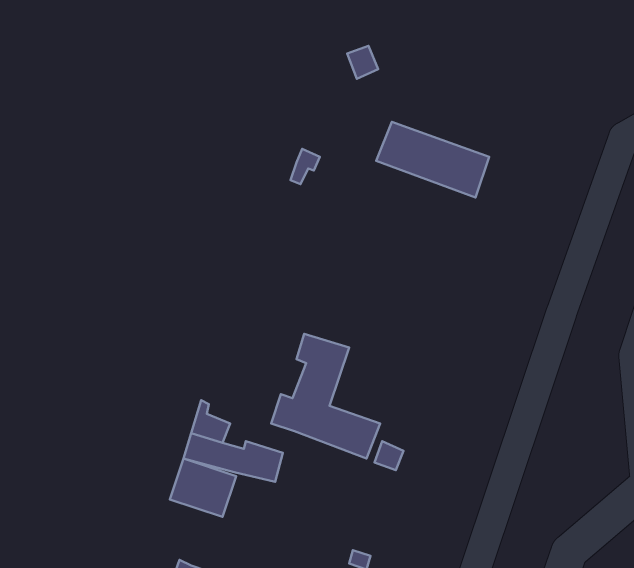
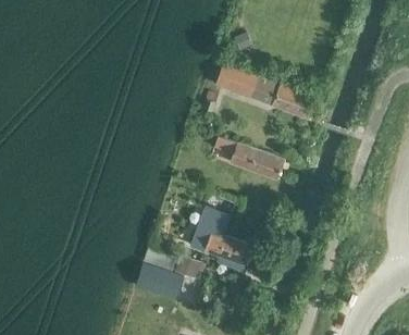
building: none -> [215,64,259,99]
building: none -> [215,137,283,178]

